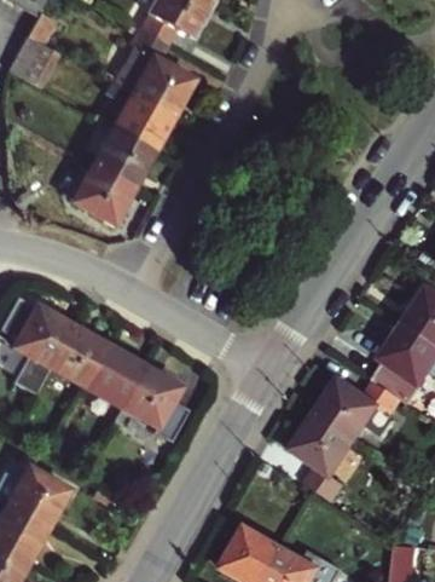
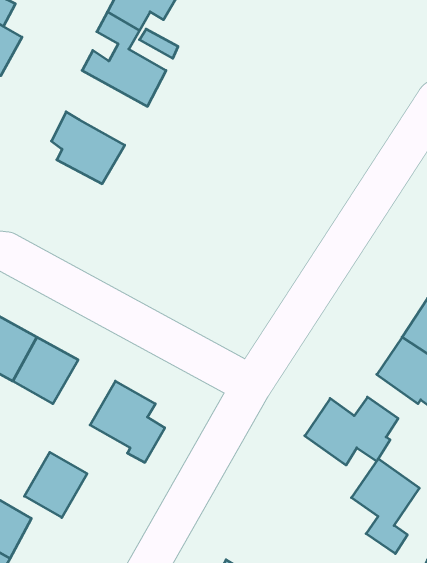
building: [105,80,174,150] -> none
building: [72,163,133,223] -> none
building: [88,345,145,404] -> [24,452,87,518]
building: [292,414,354,500] -> [351,459,419,554]

